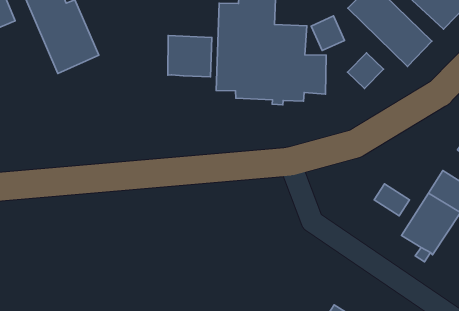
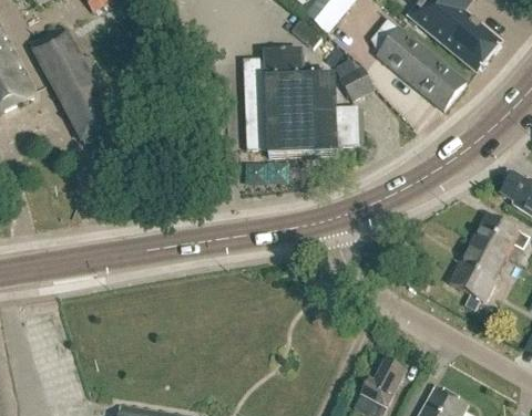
building: [168,35,212,77] -> none
building: [348,53,383,89] -> none
building: [374,184,409,216] -> none

